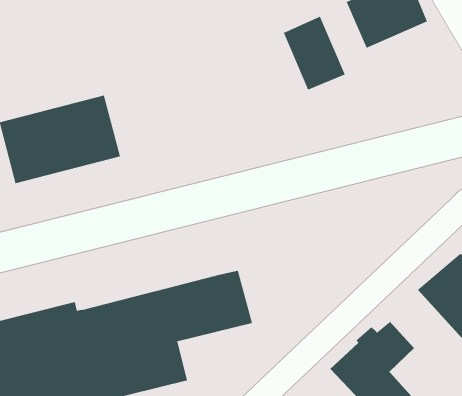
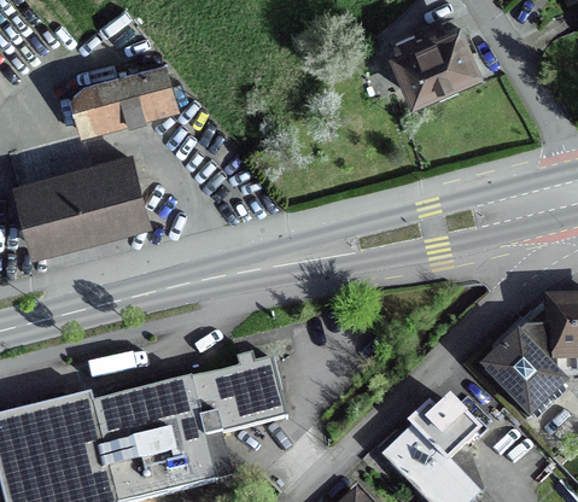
building: none -> [69,65,174,139]
building: [283,16,346,91] -> none

